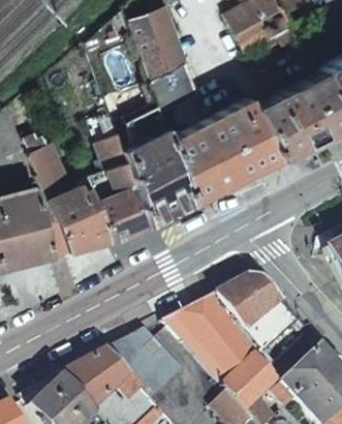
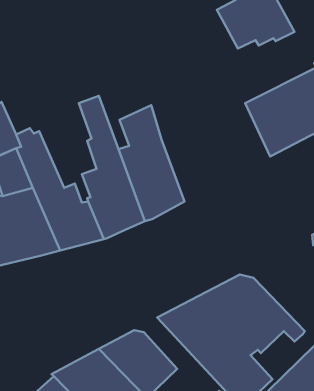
building: [125,9,196,112] -> none
building: [168,98,276,204] -> none

